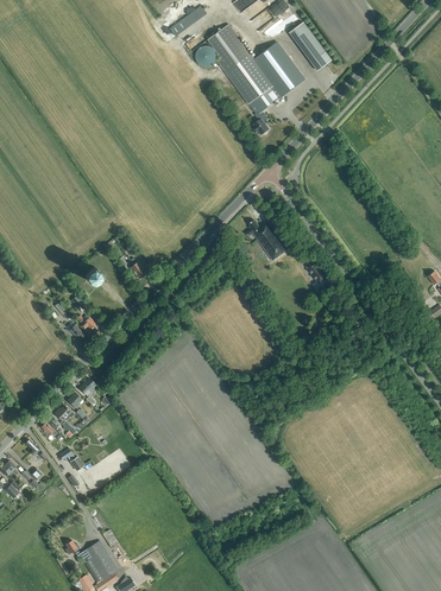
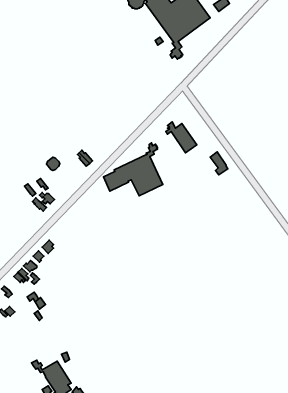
building: none -> [104,143,163,196]

